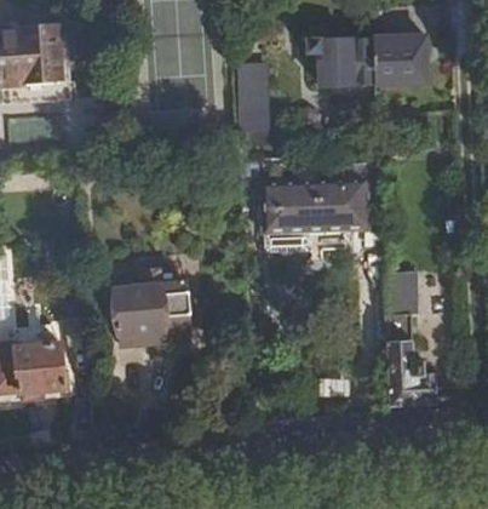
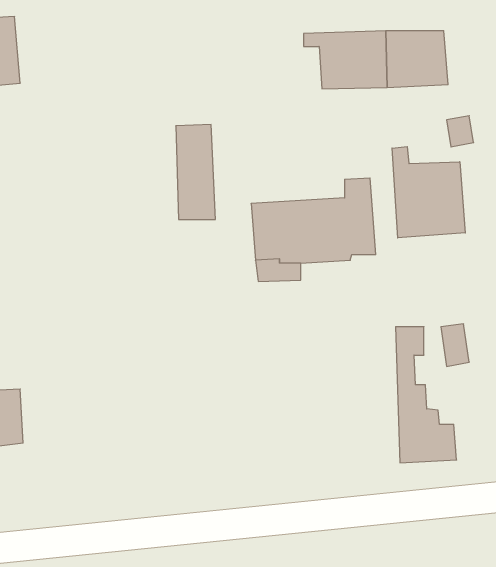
building: [237,63,271,144] -> [176,125,215,219]
building: none -> [392,147,465,238]
building: [113,270,189,347] -> none

